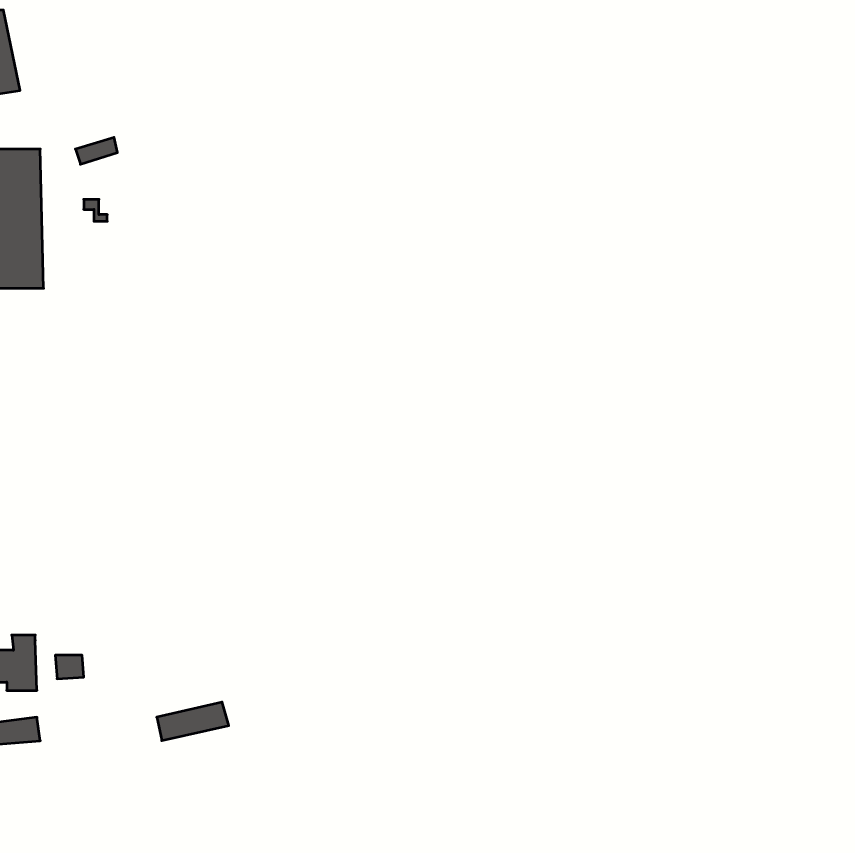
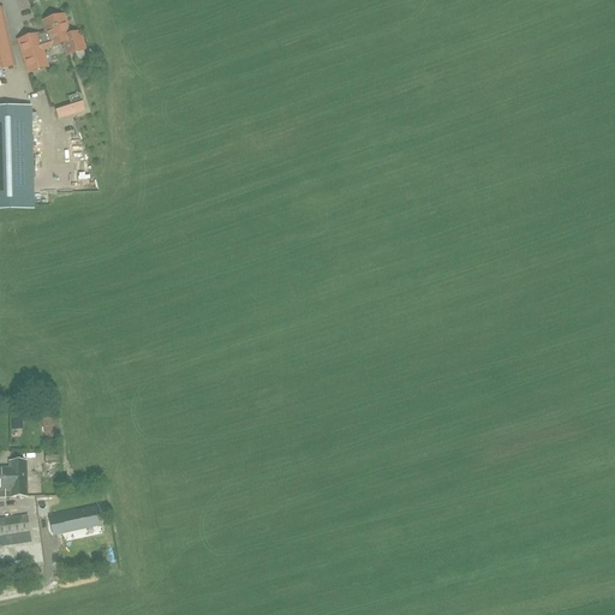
building: none -> [17,13,84,71]
building: [157,702,229,741] -> [48,504,100,532]

